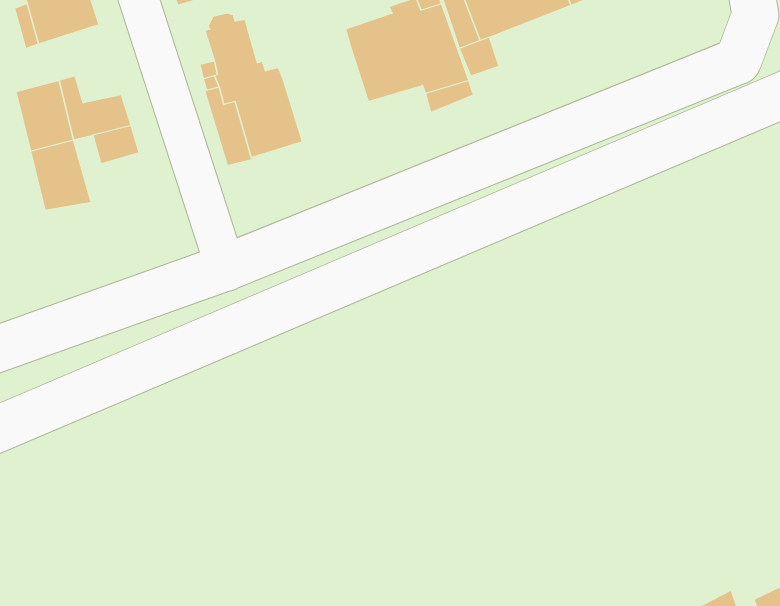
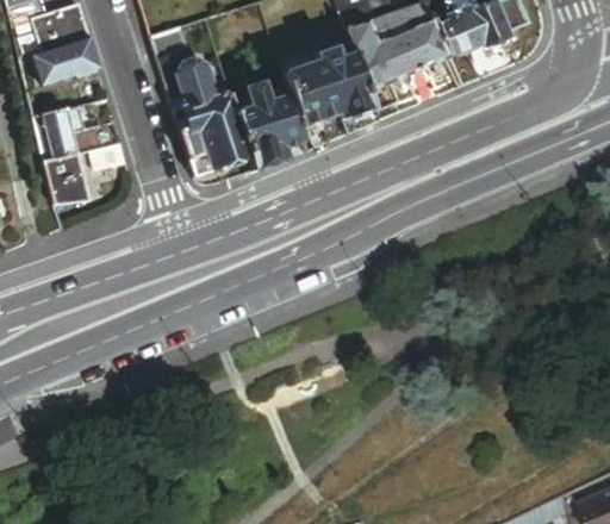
building: none -> [237,81,305,168]

